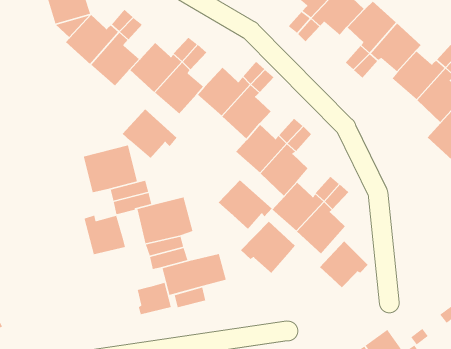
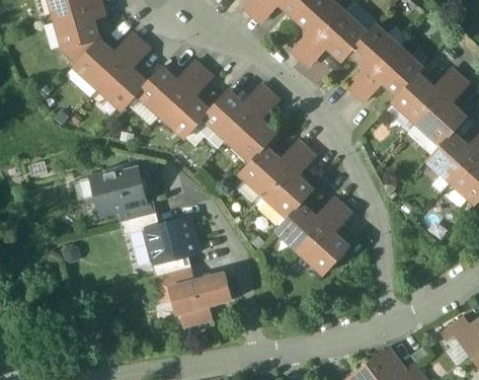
building: [122,109,177,159] -> none
building: [218,179,273,230] -> none
building: [84,215,126,255] -> none
building: [240,221,296,274] -> none
building: [319,241,369,288] -> none
building: [137,282,172,315] -> none

